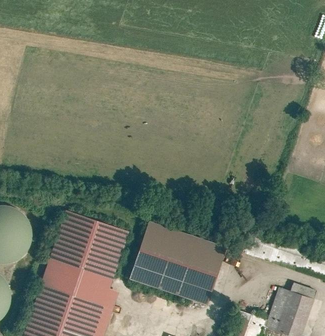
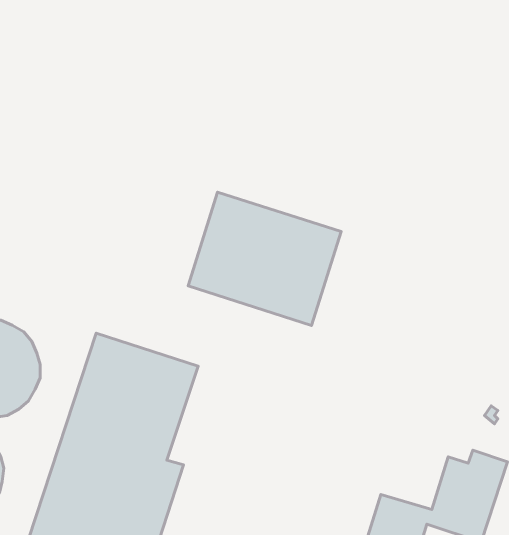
building: [129,222,222,303] -> [188,192,341,325]

